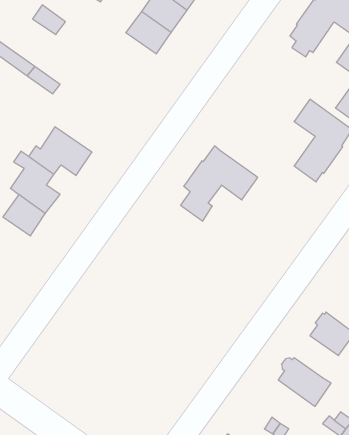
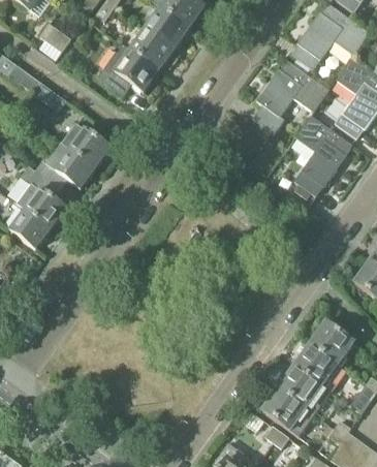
building: none -> [97,45,159,96]
building: none -> [60,123,109,167]
building: [181,146,258,221] -> [252,60,327,133]
building: none -> [293,346,337,387]
building: none -> [261,390,314,437]

